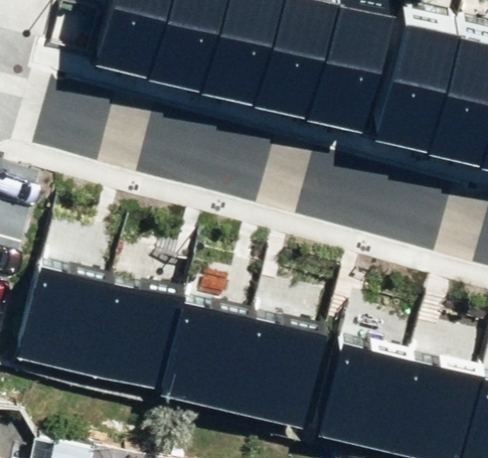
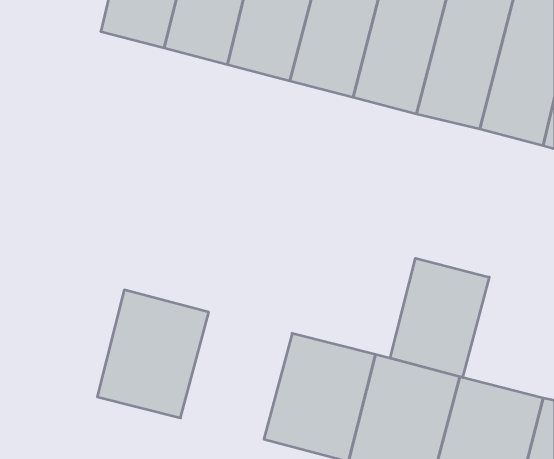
building: none -> [390,258,489,378]
building: [14,254,109,363] -> none
building: [157,291,253,400] -> none

